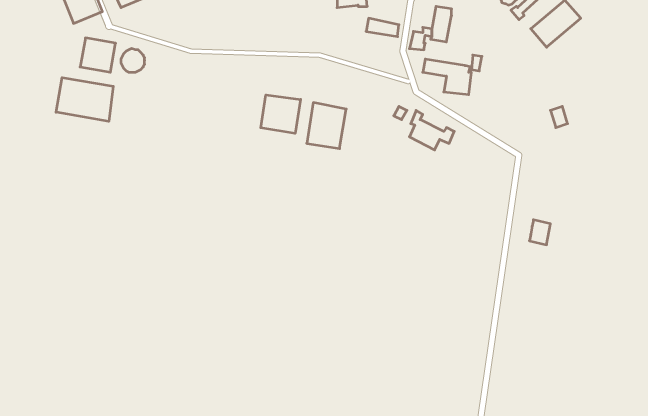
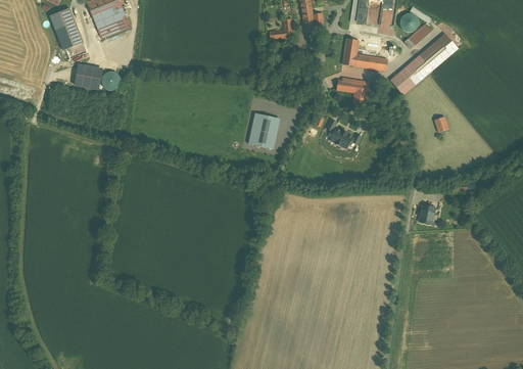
building: none -> [353,42,389,71]
building: none -> [390,55,431,94]
building: [56,78,113,121] -> none
building: [261,95,301,133] -> none

